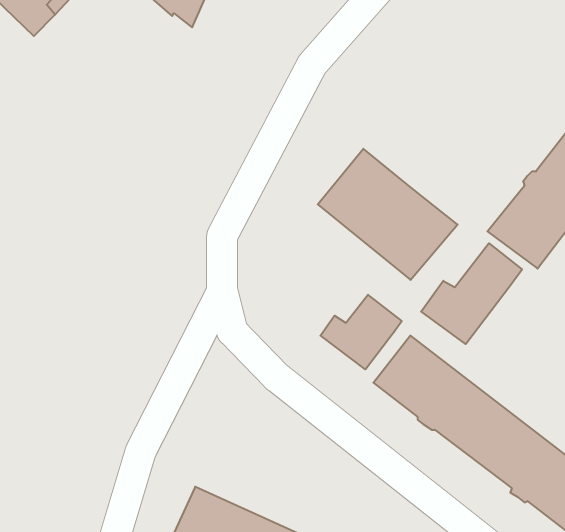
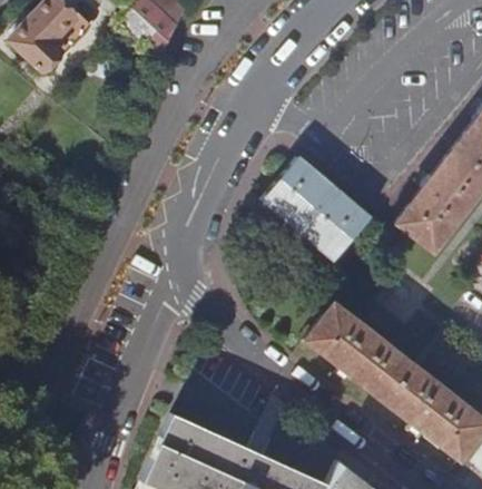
building: [421,243,522,344] -> none
building: [320,295,402,369] -> none

